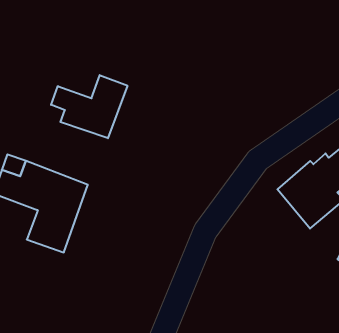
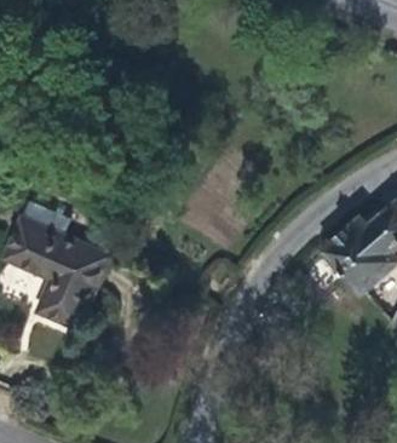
building: [51,75,127,138] -> none

